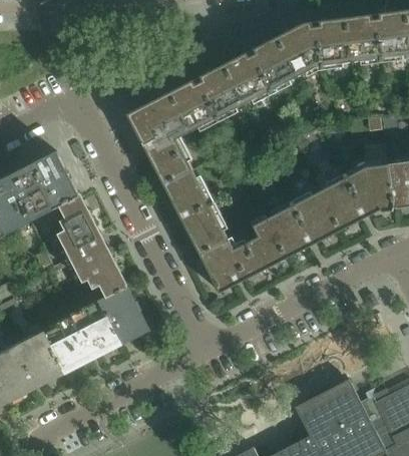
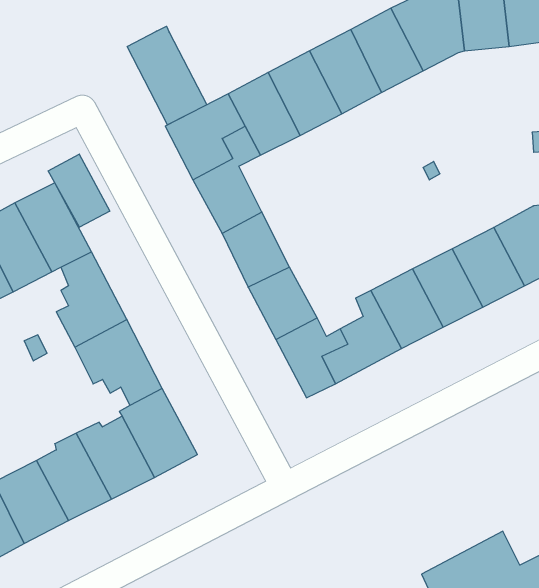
building: none -> [127,26,207,125]
building: none -> [48,154,110,227]

